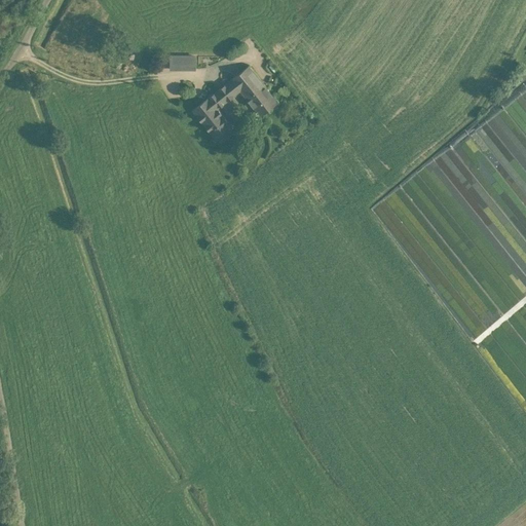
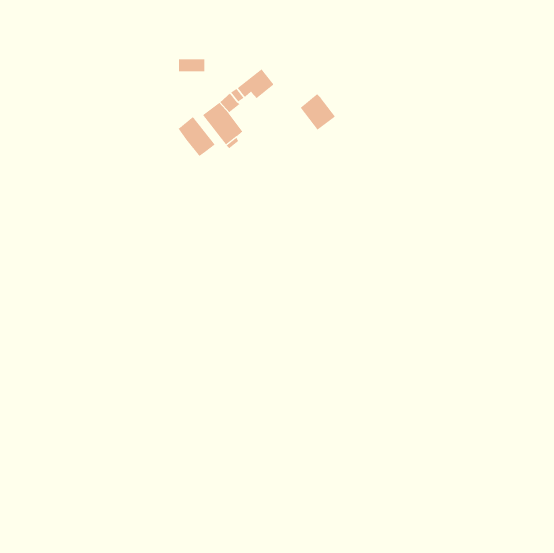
building: [242,82,276,117] -> [300,94,336,130]
building: none -> [178,116,215,157]

